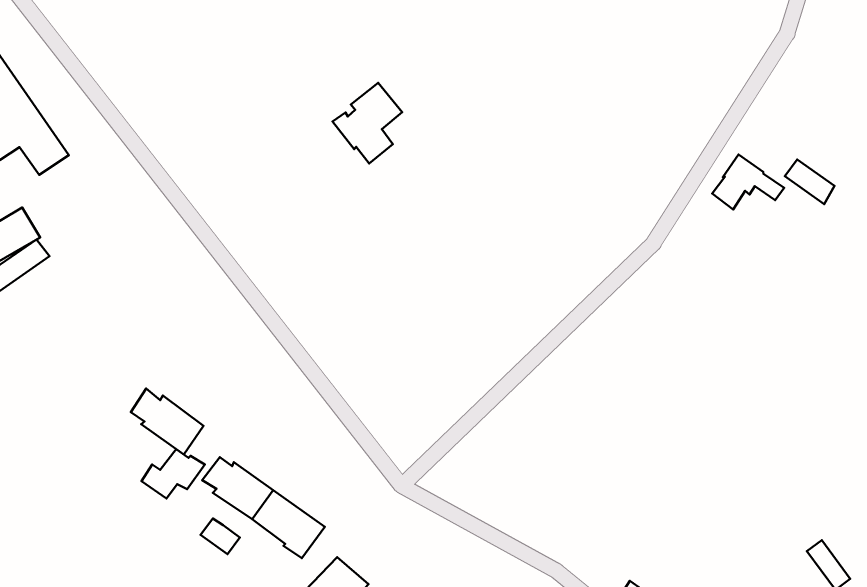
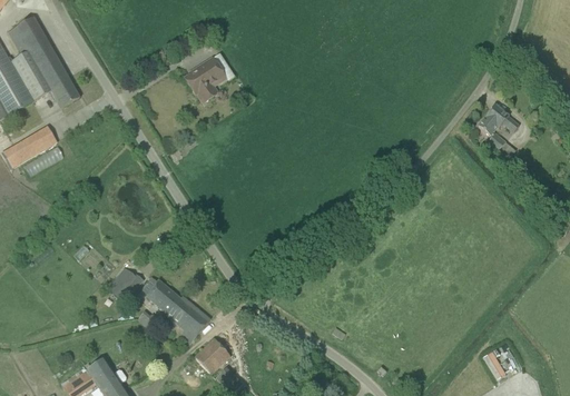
building: [333,83,402,163] -> [185,57,225,102]
building: [712,154,784,209] -> [479,103,520,135]
building: [131,389,203,454] -> none

